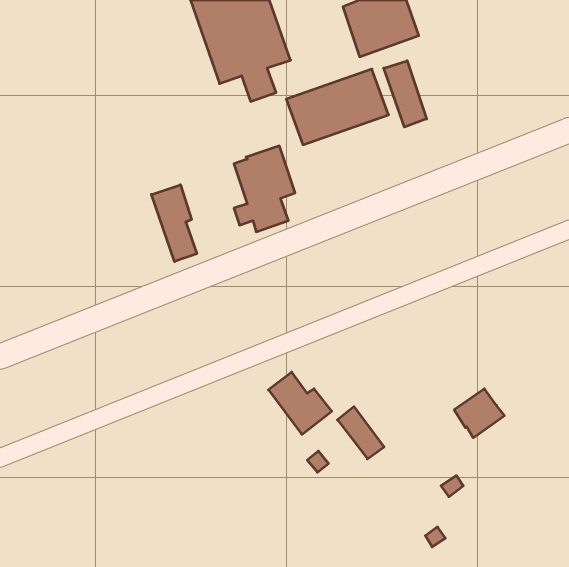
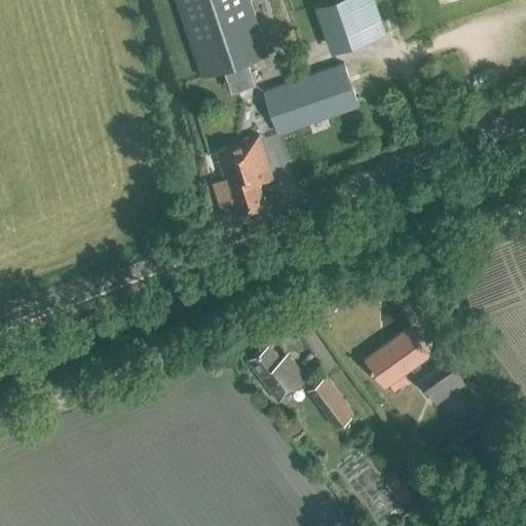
building: [384,61,427,127] -> none
building: [151,185,197,262] -> none
building: none -> [366,329,428,386]

